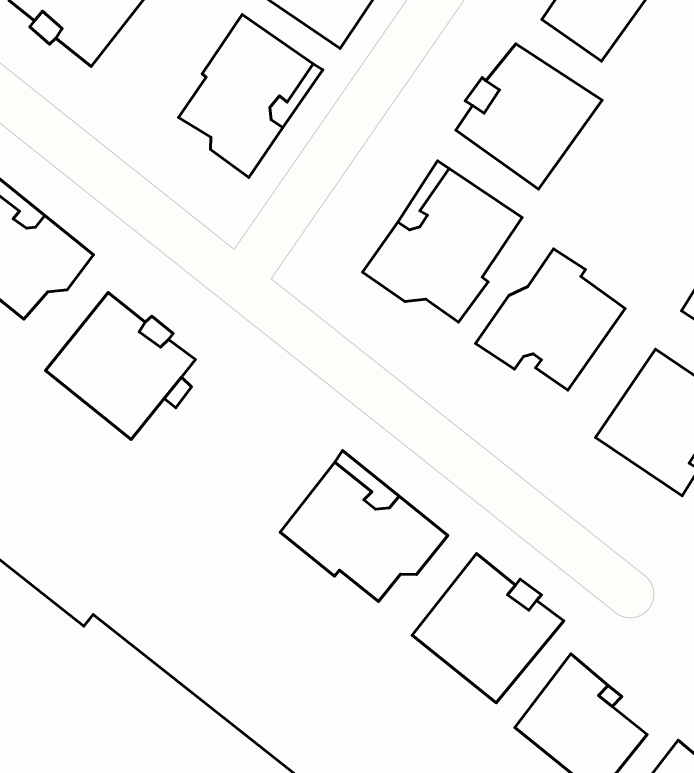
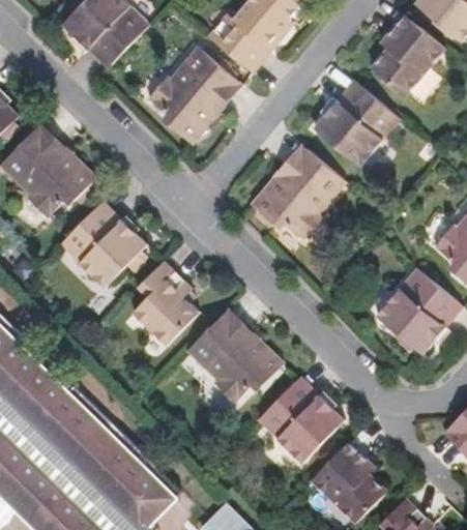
building: [475,249,625,390] -> none
building: none -> [133,260,200,346]

